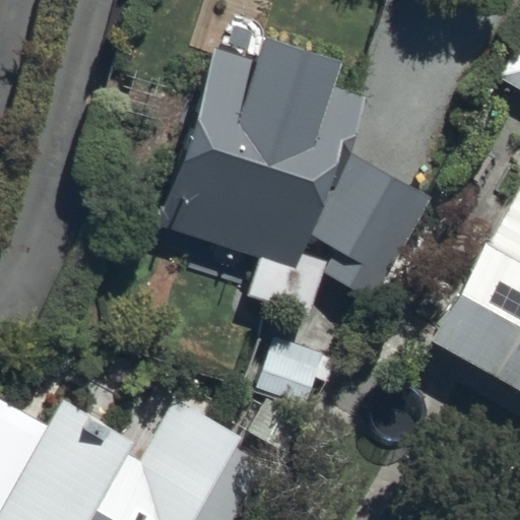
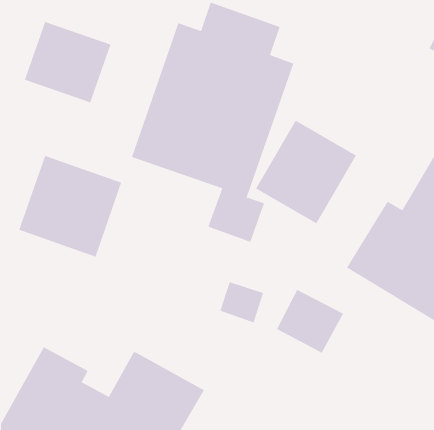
building: none -> [24,21,111,103]
building: none -> [19,155,122,257]

